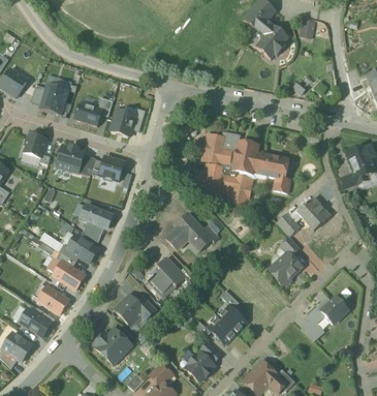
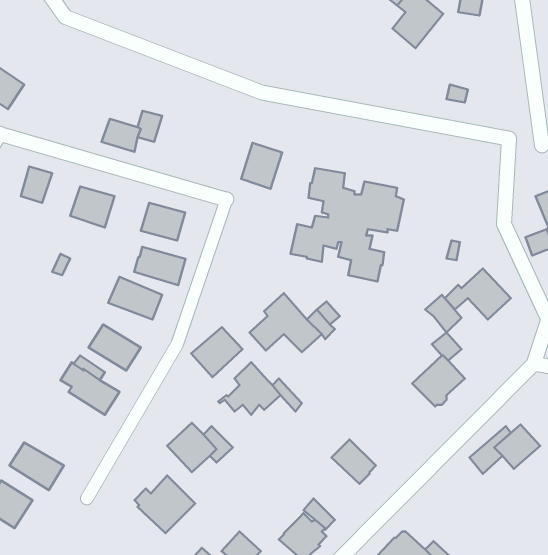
building: [39,85,66,113] -> none
building: [111,108,136,136] -> [241,143,282,189]
building: [260,154,291,192] -> none
building: none -> [134,247,185,285]
building: none -> [191,327,243,377]
building: [35,283,69,314] -> none
building: [209,316,237,344] -> none

